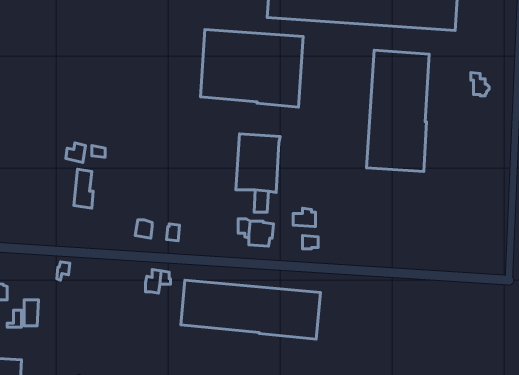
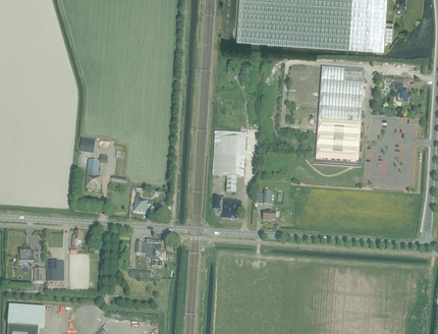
building: [200,29,303,107] -> none
building: [181,280,320,339] -> none

